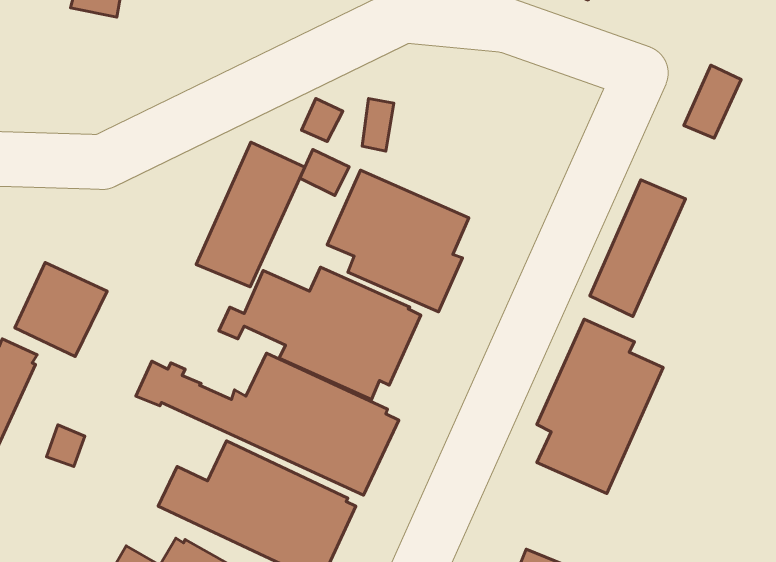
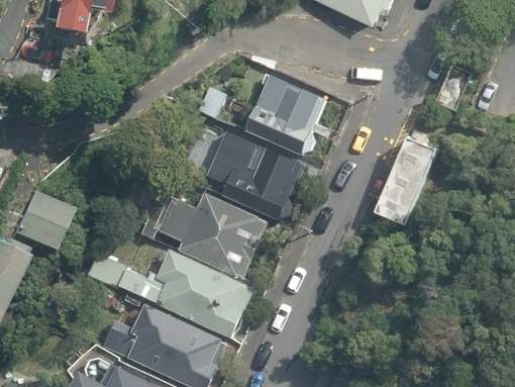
building: none -> [244,76,326,158]
building: [196,142,305,287] -> none
building: [537,319,663,493] -> none

